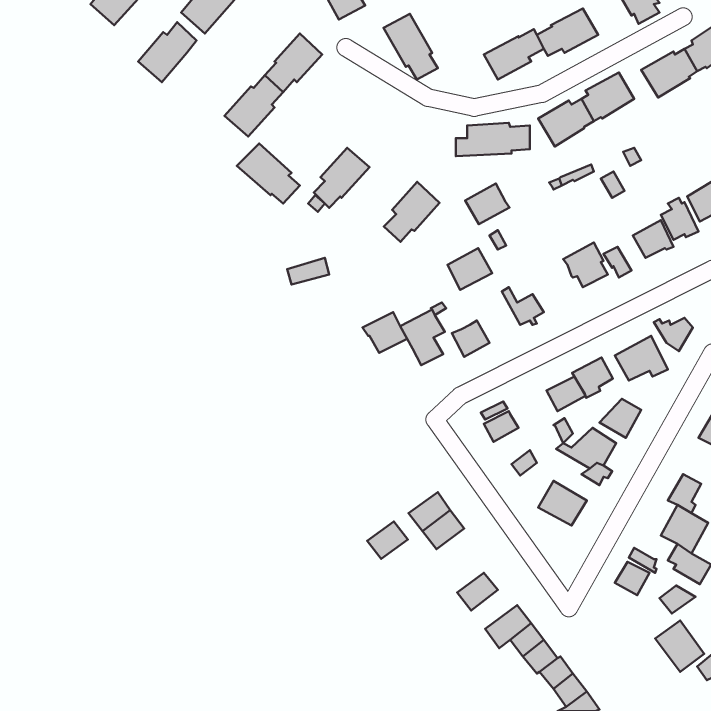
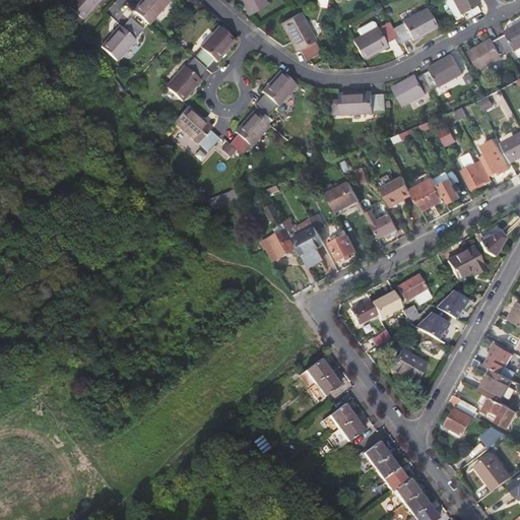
building: [384,182,440,242] -> [256,68,297,112]
building: [465,184,510,224] -> [382,176,414,205]
building: [572,357,613,398] -> [373,290,402,320]
building: [367,521,408,559] -> [324,404,353,432]

